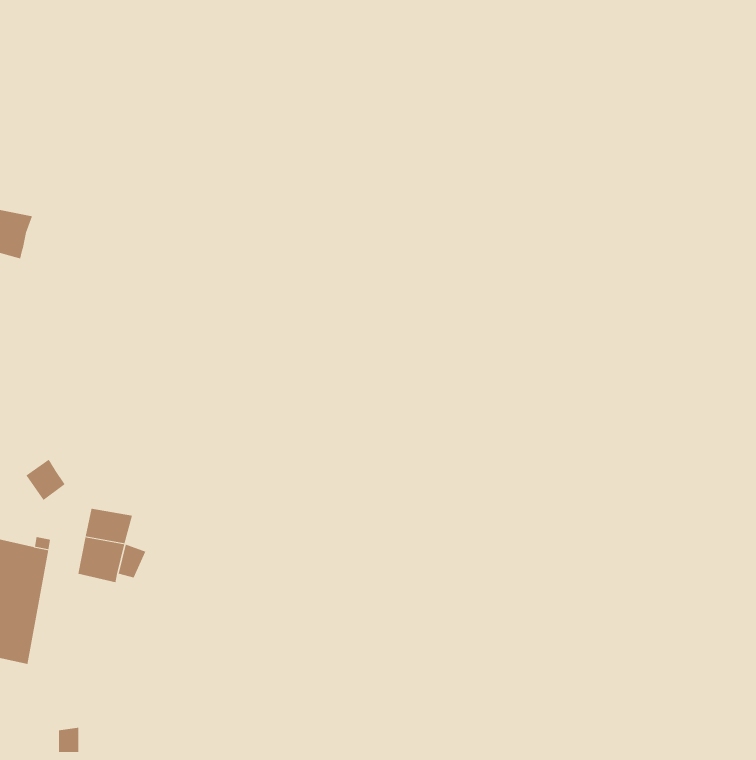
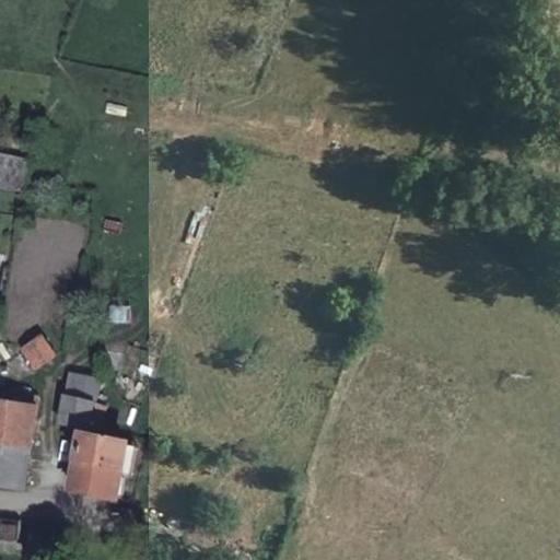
building: none -> [70,432,121,499]

